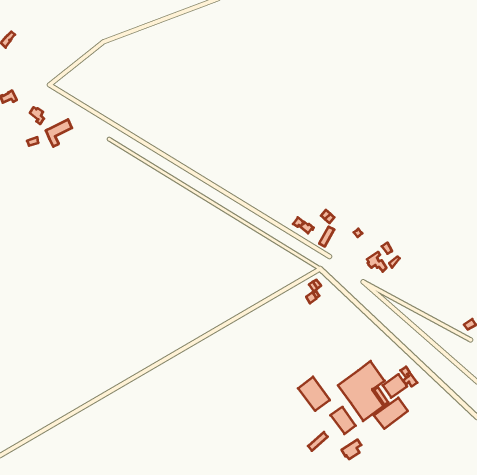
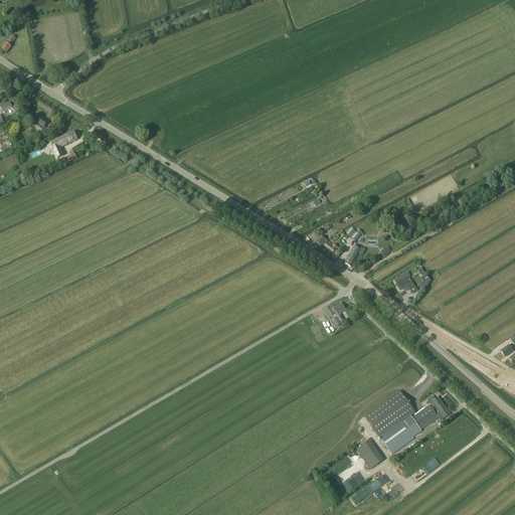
building: [298,377,330,411] -> none
building: [374,398,408,429] -> none

